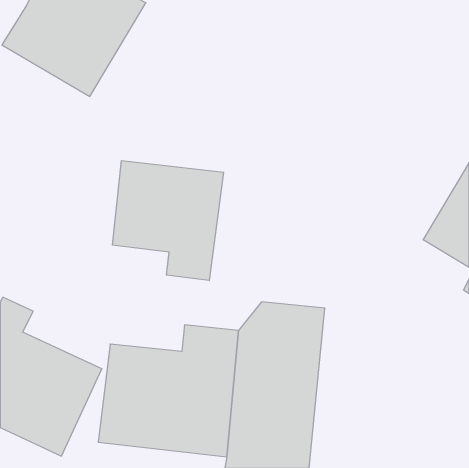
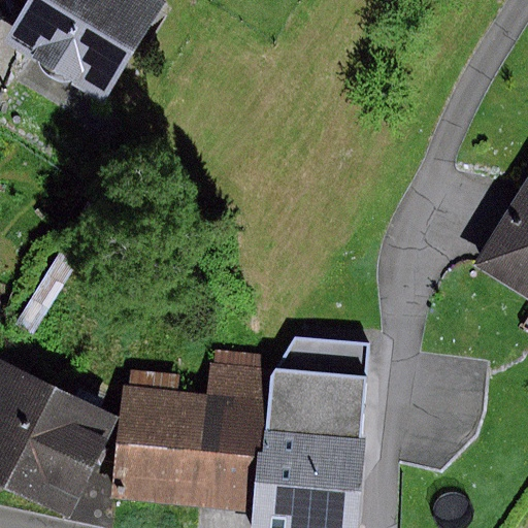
building: [113,161,224,281] -> none

